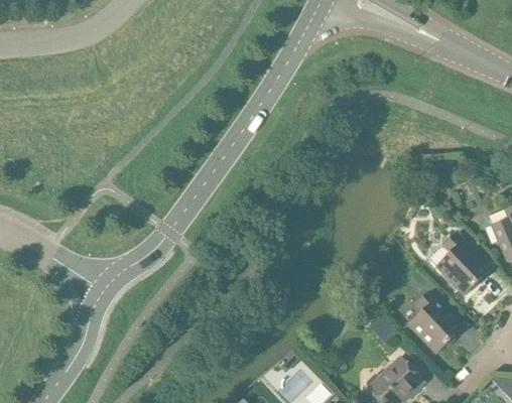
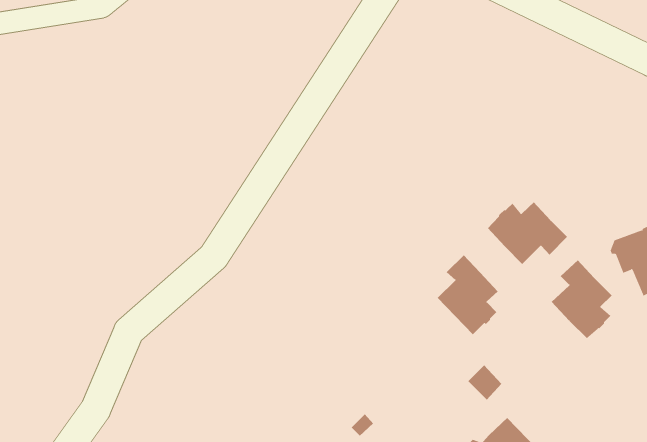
building: none -> [487,202,568,265]
building: [408,290,457,354] -> [437,254,499,335]

